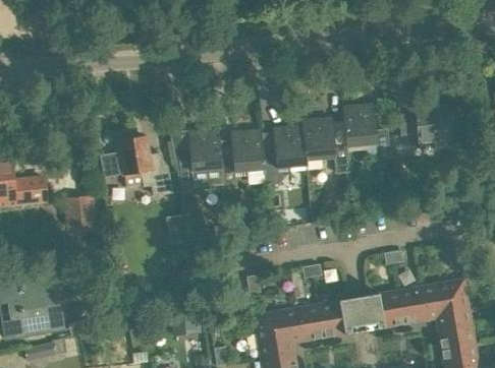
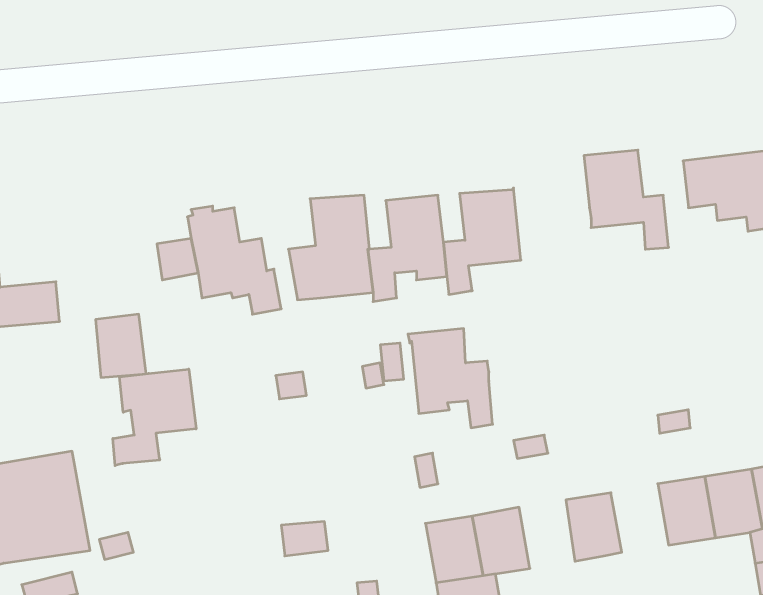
building: [300,117,348,173] -> [408,329,493,428]
building: none -> [113,369,196,466]
building: [358,291,390,329] -> none
building: [306,300,337,339] -> none

